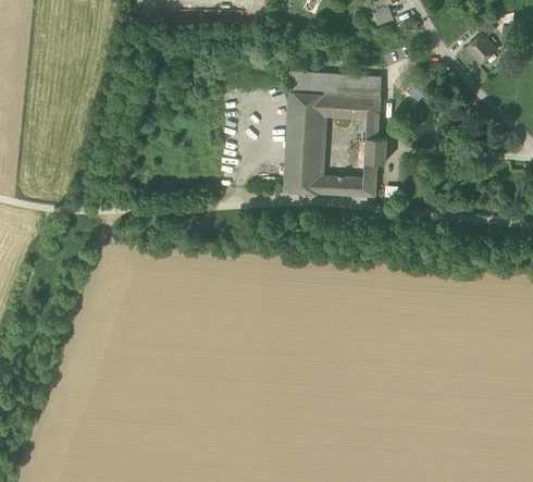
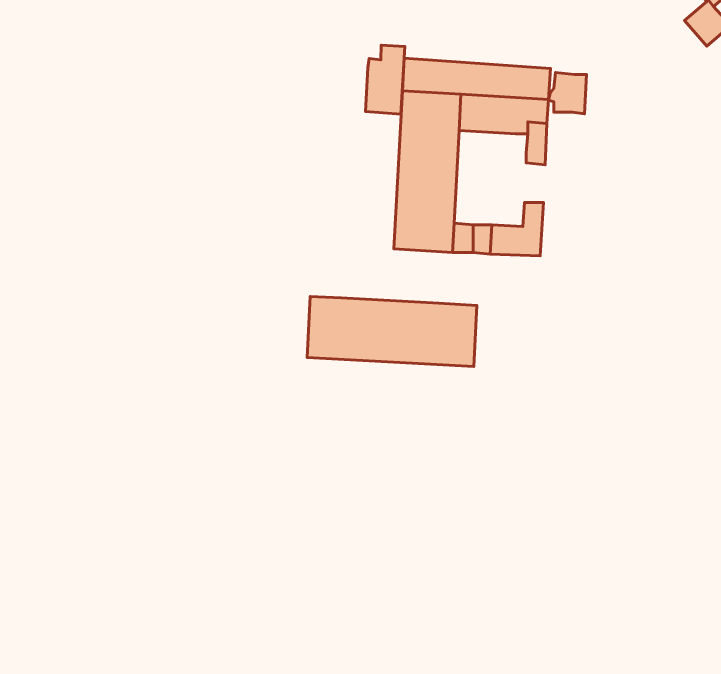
building: none -> [365,45,405,114]
building: [362,137,386,163] -> [549,73,586,114]
building: none -> [307,296,477,367]

